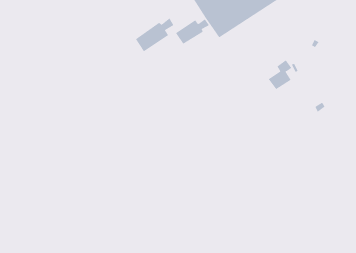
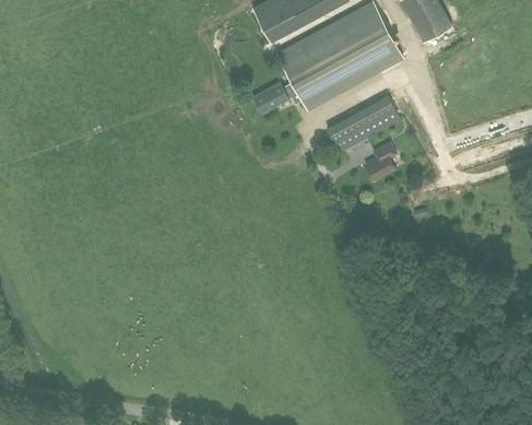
building: [135,17,174,52] -> none
building: none -> [328,97,401,152]

